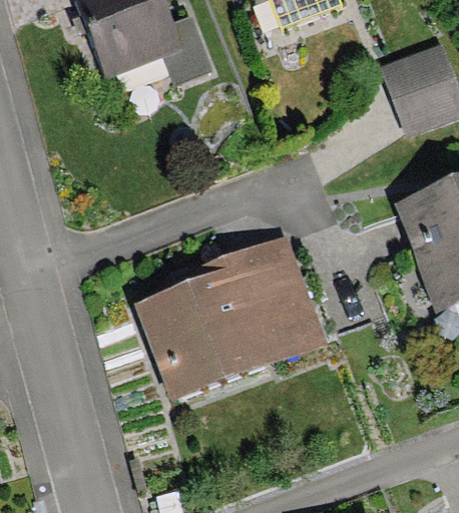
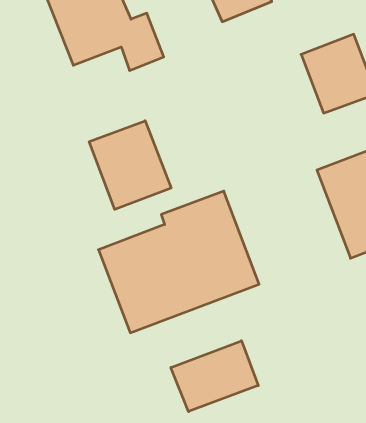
building: none -> [89,121,171,209]
building: none -> [171,341,258,412]

